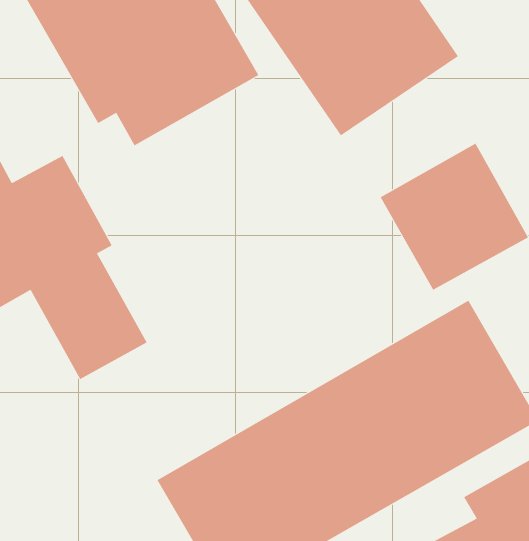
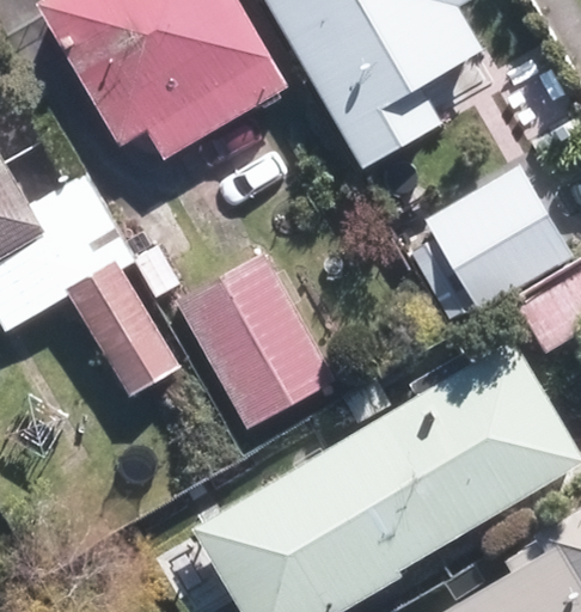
building: none -> [154,246,328,435]

